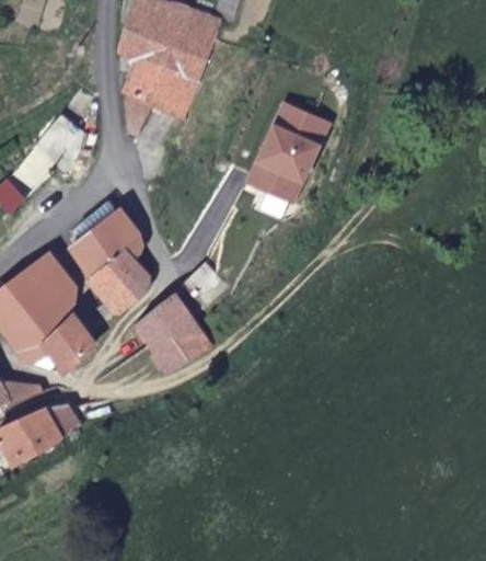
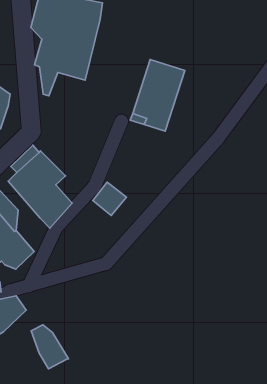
building: [137,298,211,374] -> none
building: none -> [31,325,69,369]

